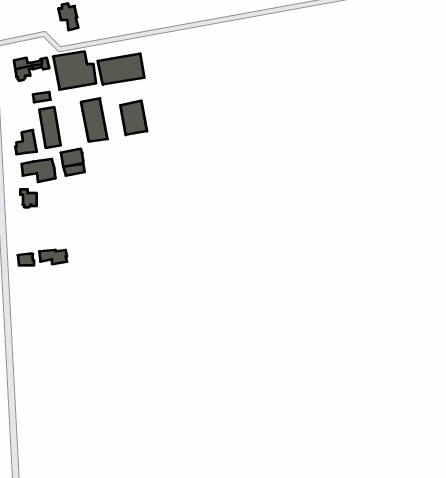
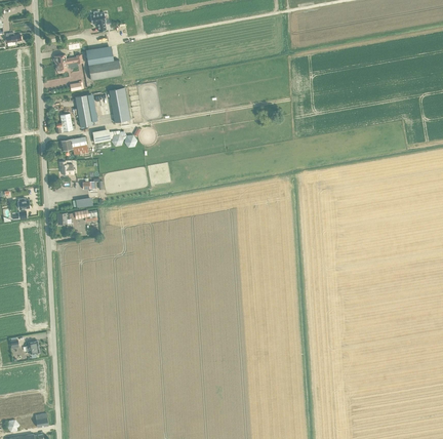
building: [98,54,144,85] -> none
building: [120,101,147,135] -> none

